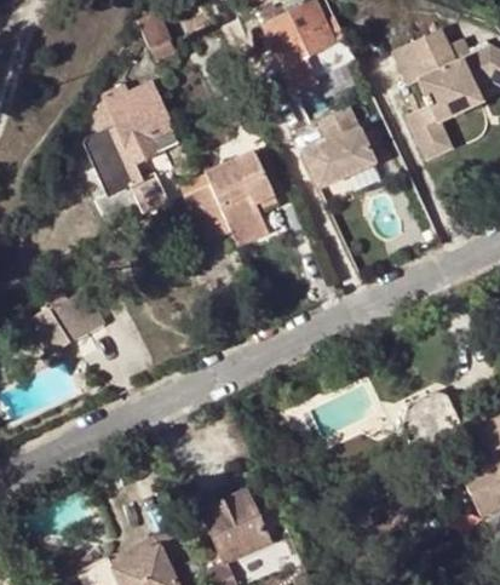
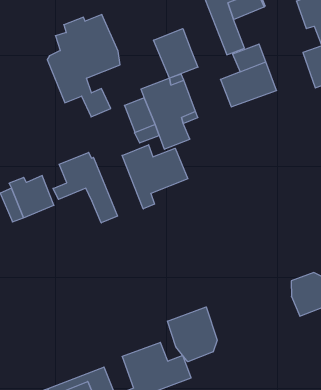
building: none -> [154,29,198,78]
building: none -> [122,145,188,209]
building: none -> [53,152,118,223]
building: none -> [167,307,217,362]

